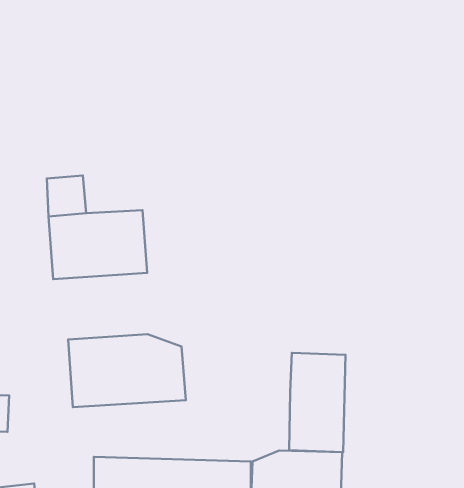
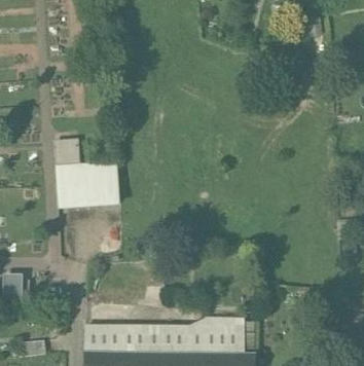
building: [68,334,186,407] -> none
building: [289,353,346,452] -> none

